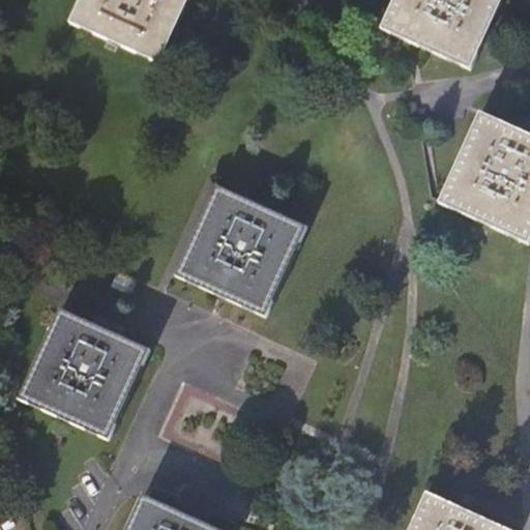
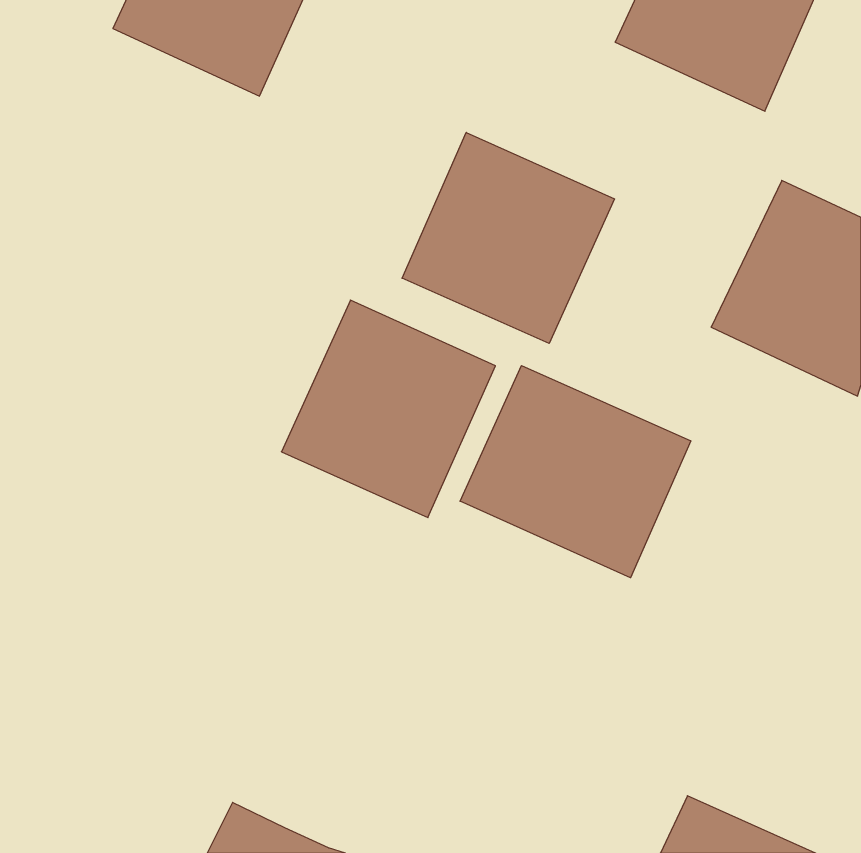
building: none -> [402,132,614,343]
building: none -> [460,366,691,578]
building: [18,306,149,439] -> none

